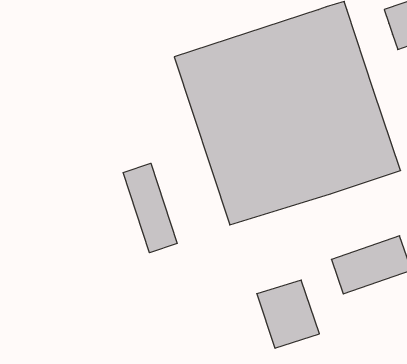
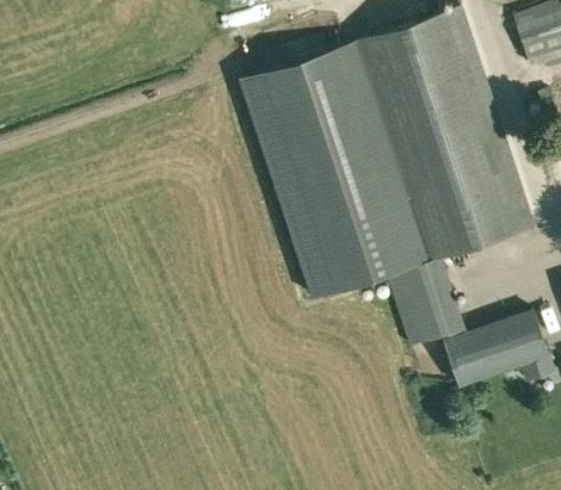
building: [123,163,177,253] -> none
building: [257,280,319,348] -> [386,258,468,347]

